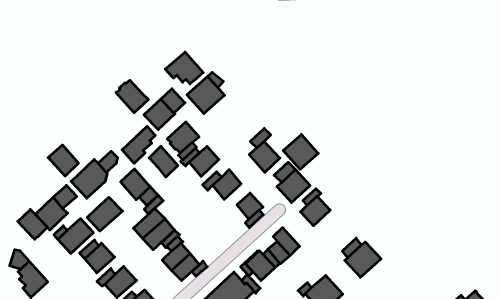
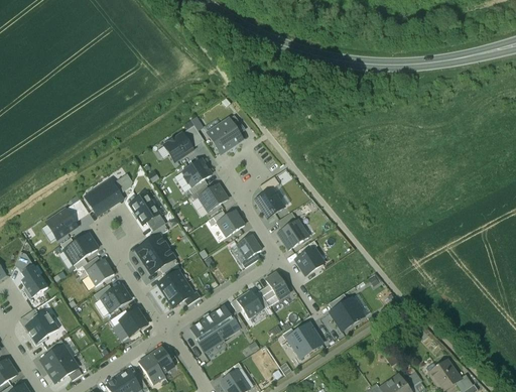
building: [165,52,203,84] -> none
building: [116,80,148,113] -> none
building: [122,126,155,163] -> none
building: [283,134,318,169] -> none
building: [48,145,78,176] -> none
building: [149,146,178,177] -> none
building: [87,197,123,231] -> none
building: [18,209,47,239] -> none

